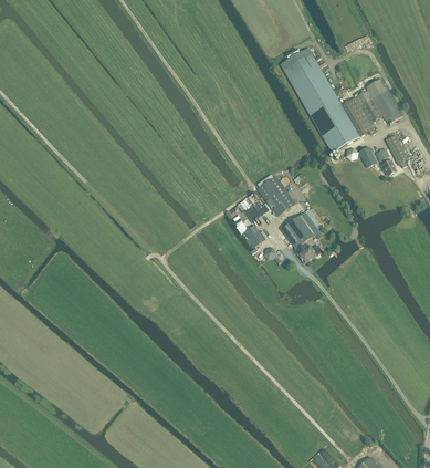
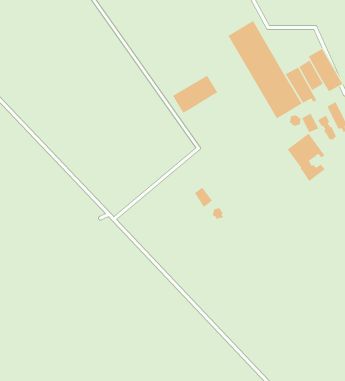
building: none -> [172,75,218,114]
building: [258,175,295,215] -> none
building: [281,210,322,262] -> [287,133,326,182]

